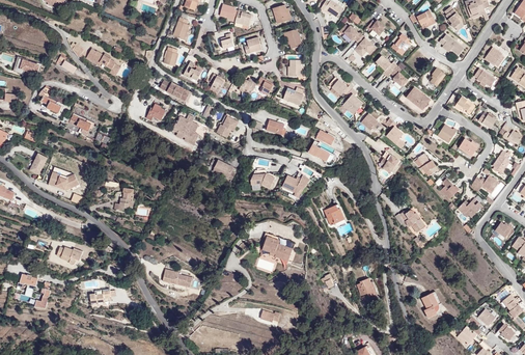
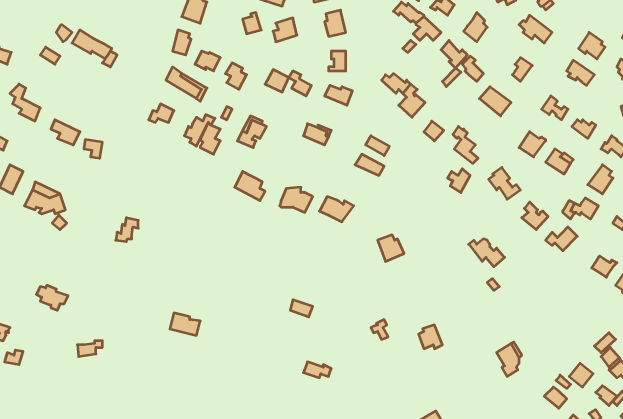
building: [264,231,299,261] -> none

